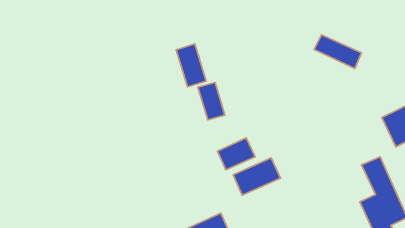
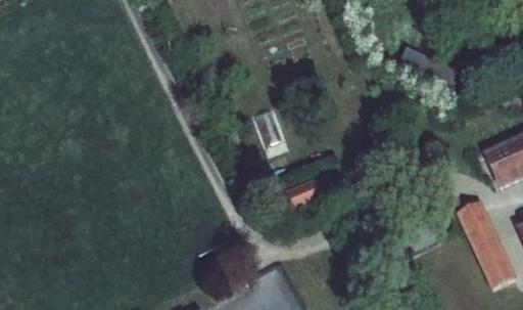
building: [176,44,206,87] -> none
building: [233,158,280,195] -> none

